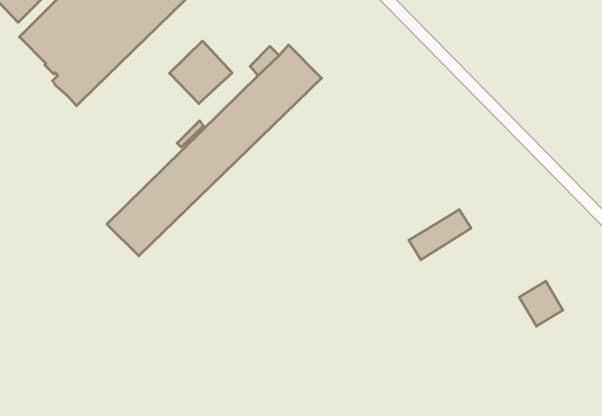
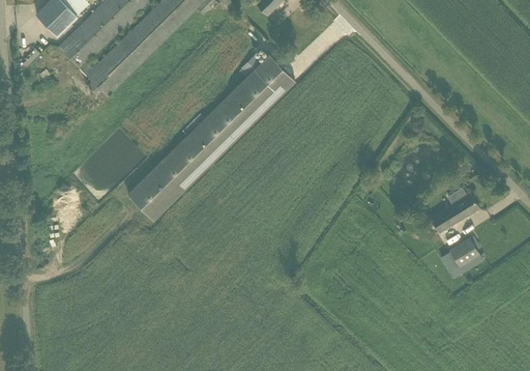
building: [169,41,232,104] -> none
building: [409,210,471,260] -> [429,194,477,233]

